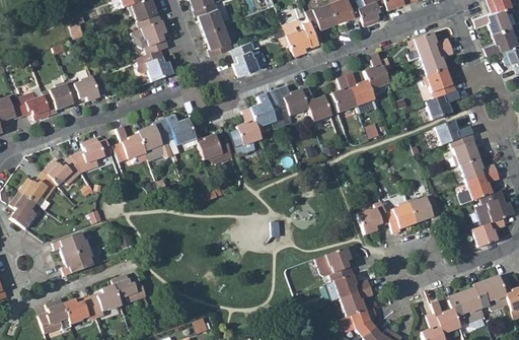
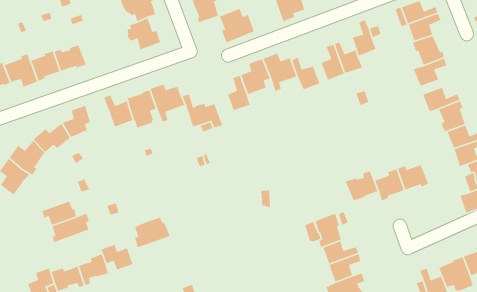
building: none -> [134,216,171,248]

